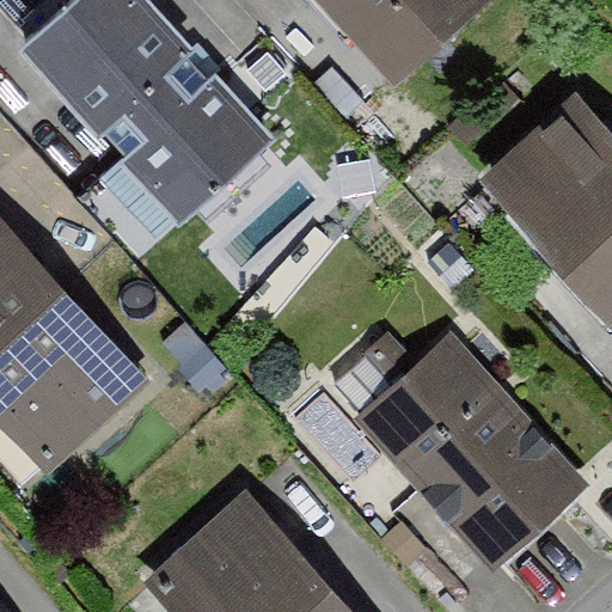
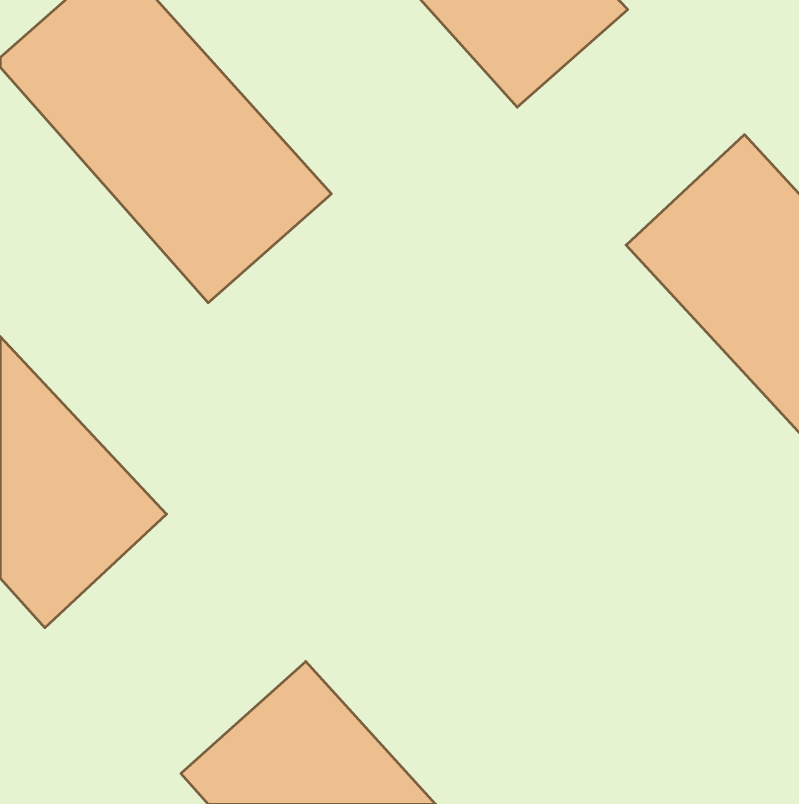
building: [361,339,587,569] -> none

